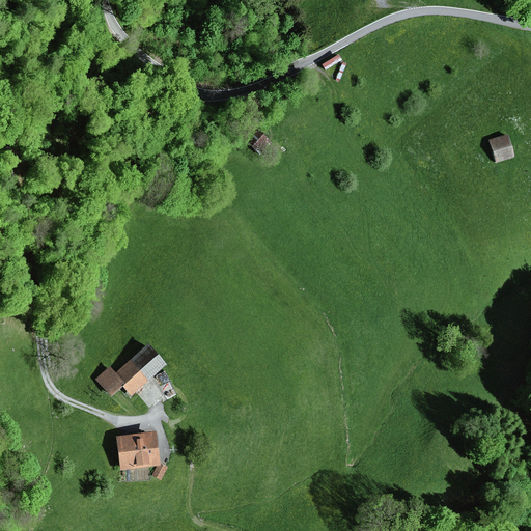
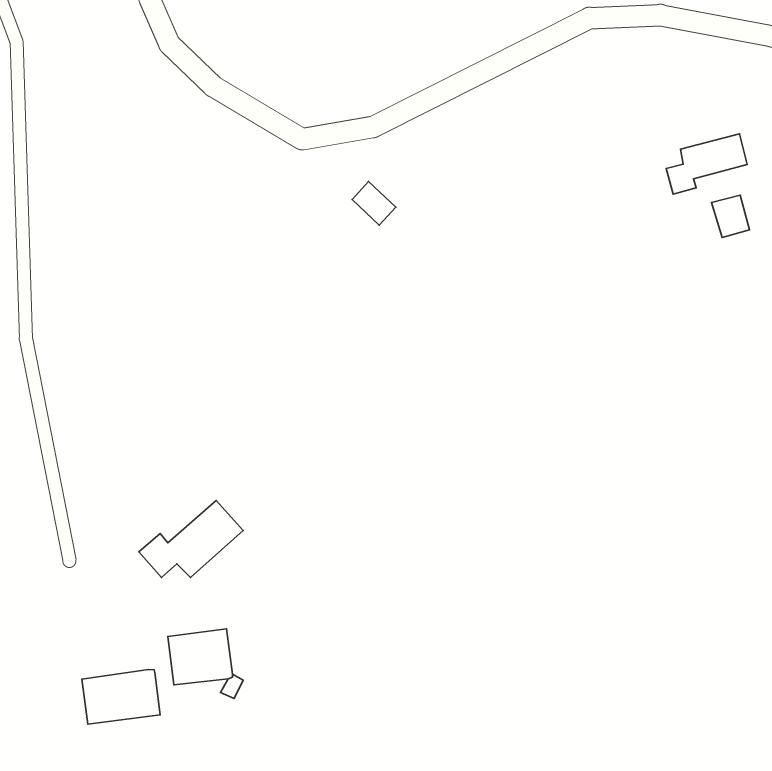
building: none -> [666,134,747,194]
building: none -> [82,670,160,724]

